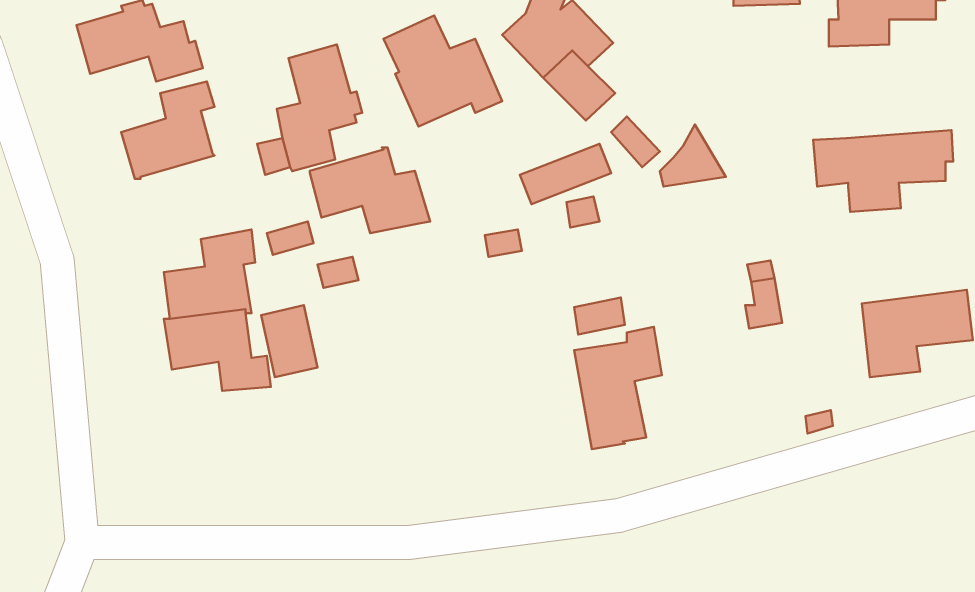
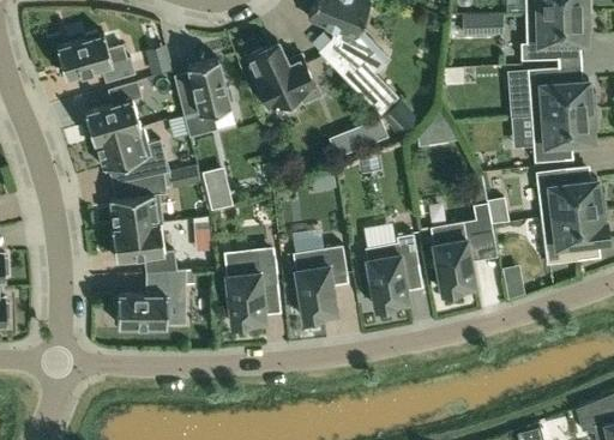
building: none -> [510,68,597,119]
building: [310,147,430,233] -> [97,127,171,180]
building: none -> [536,169,607,219]
building: none -> [431,222,475,294]
building: none -> [293,245,348,319]
building: none -> [225,253,278,325]
building: none -> [118,271,187,331]

